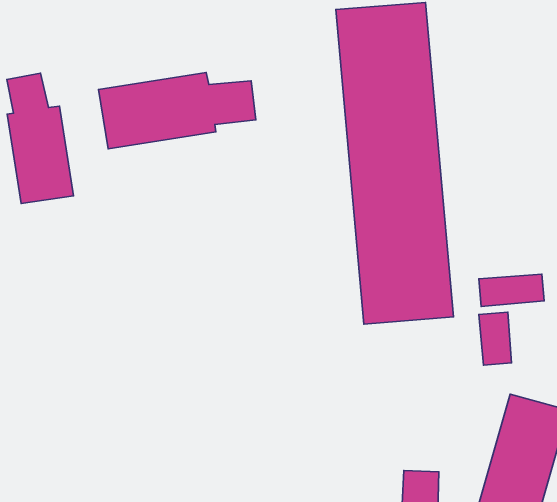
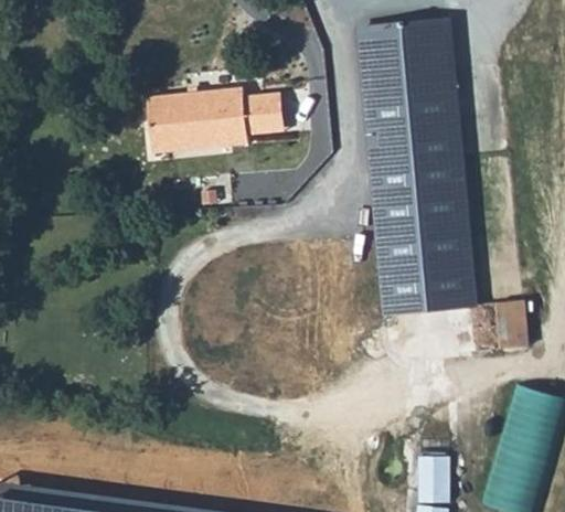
building: [7,73,73,204] -> none
building: [479,274,544,307] -> none

